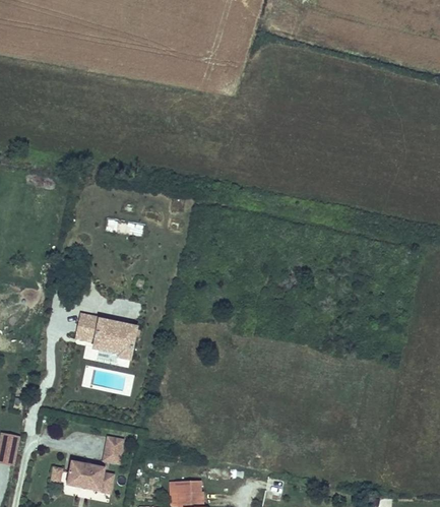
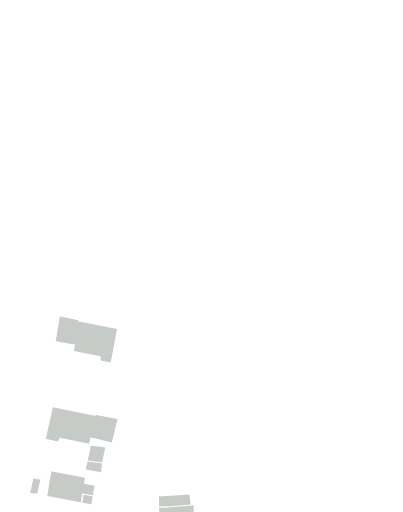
building: none -> [45,406,118,444]

